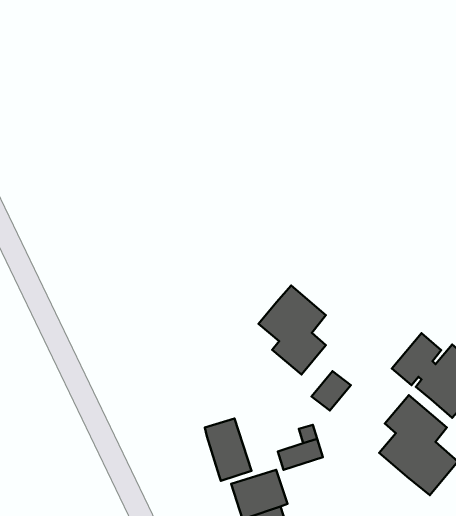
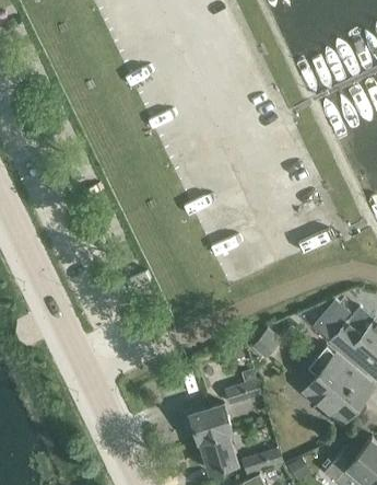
building: [258,286,326,375] -> none
building: [205,418,252,481] -> none

